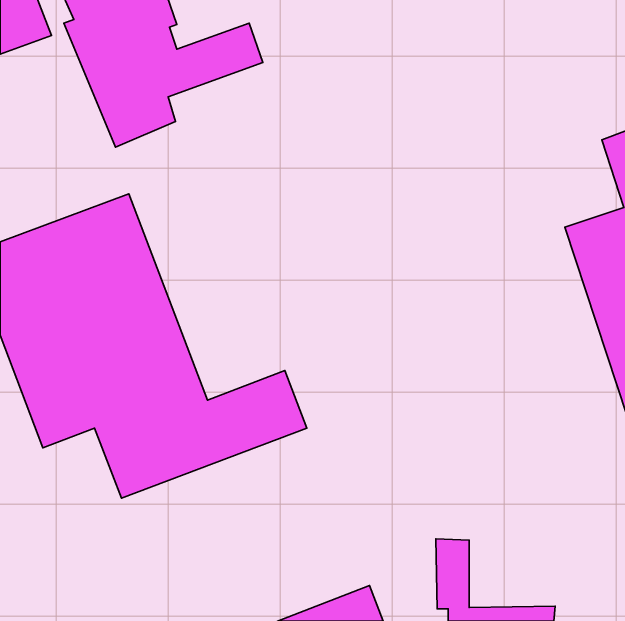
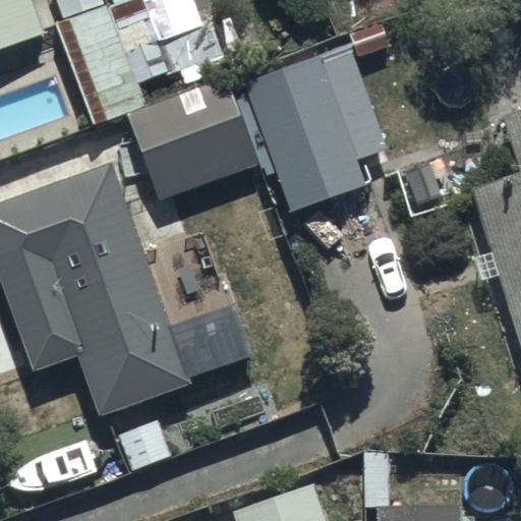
building: none -> [244,53,365,206]
building: none -> [126,78,257,201]

